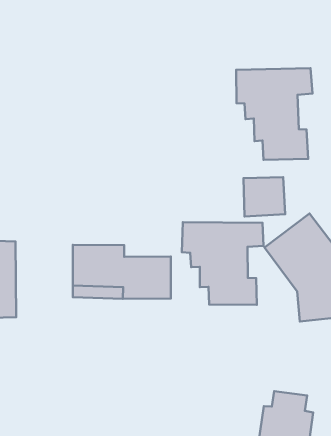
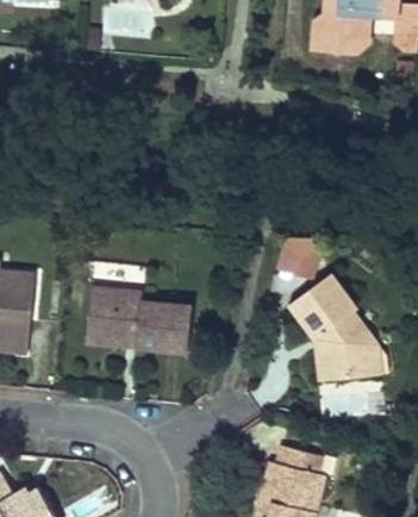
building: [236,68,312,160] -> none
building: [182,222,264,305] -> none

